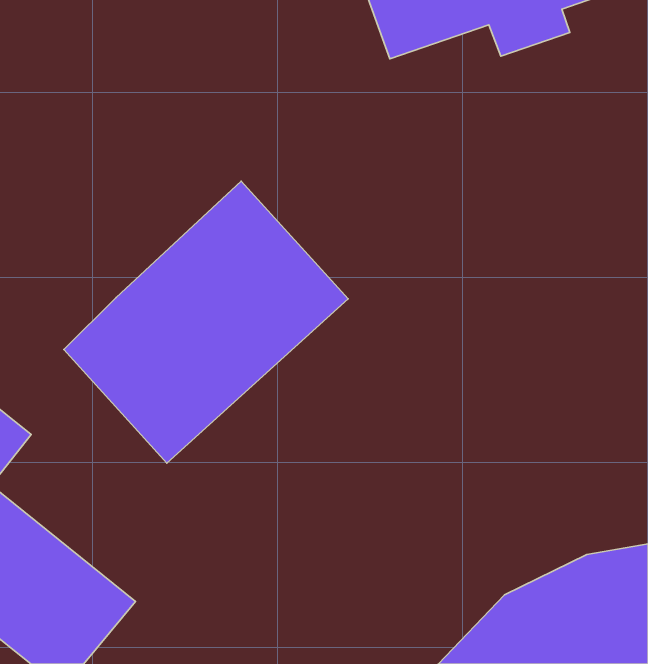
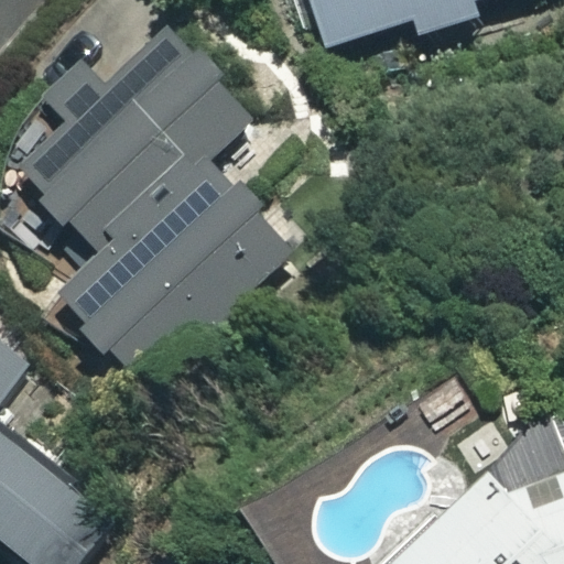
building: none -> [22,39,240,251]

